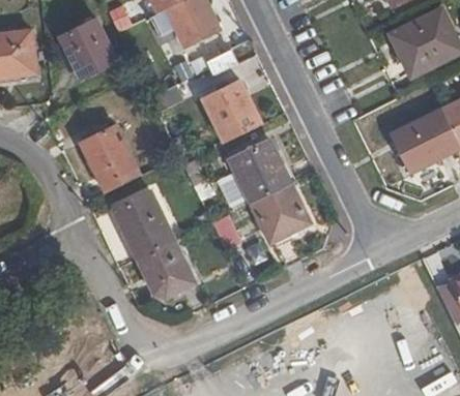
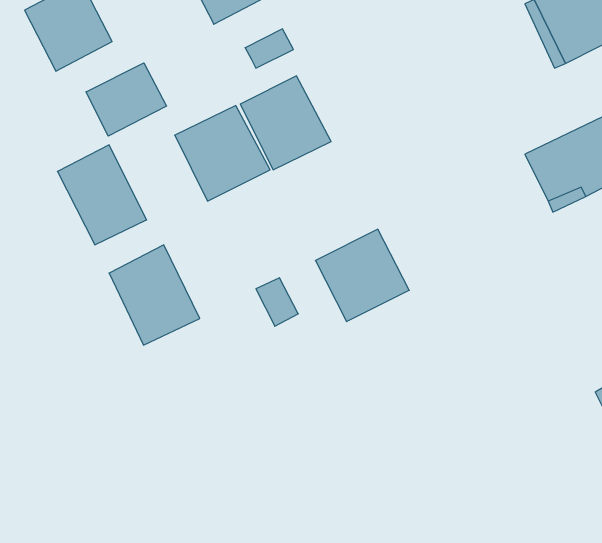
building: none -> [86,63,167,136]
building: [230,141,293,204] -> [175,106,270,201]
building: [138,242,196,299] -> none

